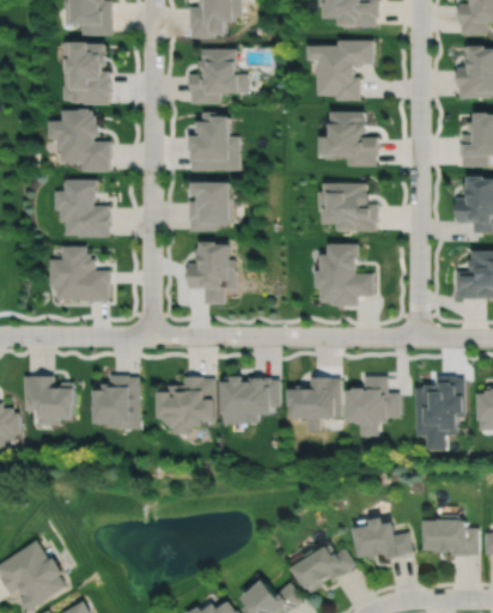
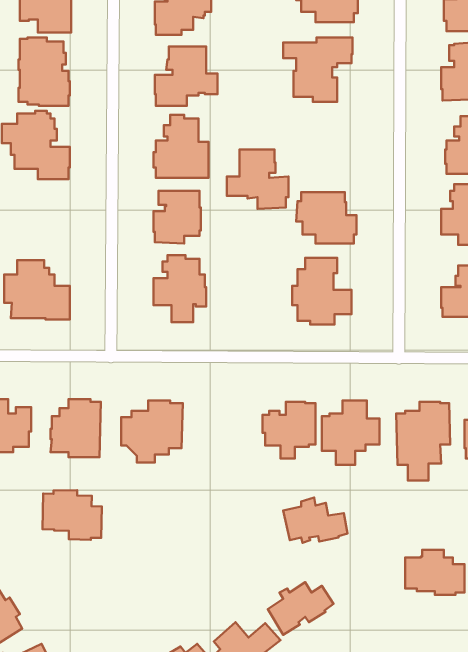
building: [319,111,377,166] -> [227,150,288,209]
building: [54,180,110,237] -> none
building: [223,377,280,425] -> none
building: none -> [42,490,102,540]
building: [352,520,412,562] -> [283,498,348,543]

